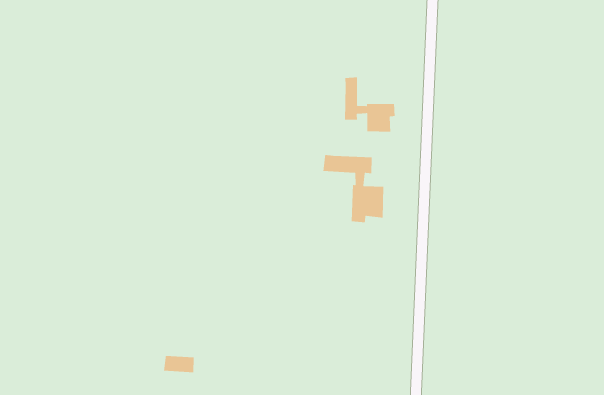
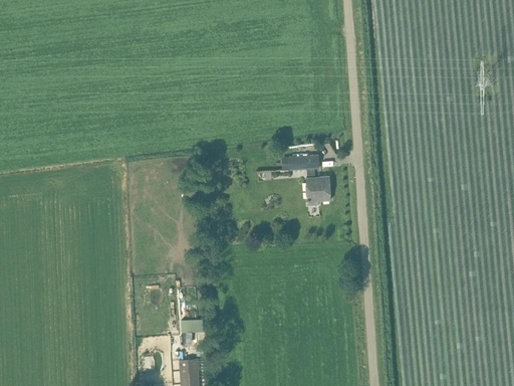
building: [344,76,396,132] -> none

